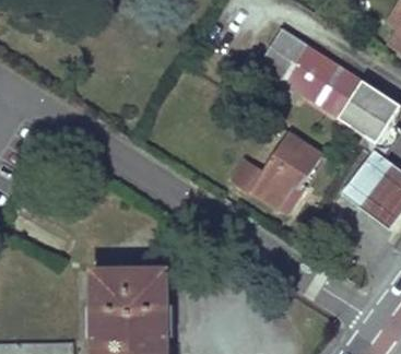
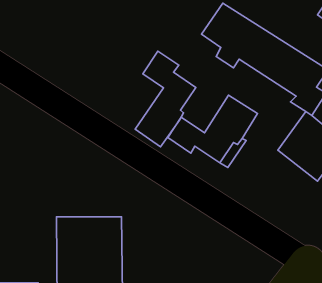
building: none -> [135,51,196,147]

